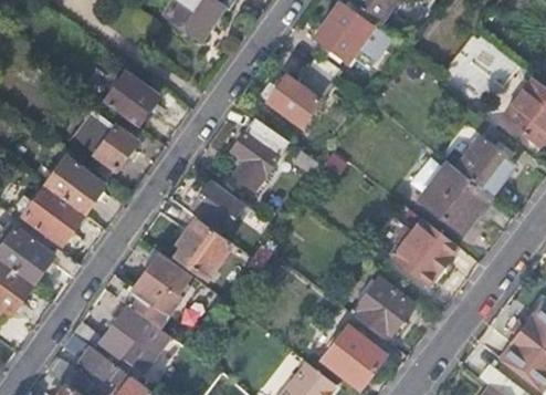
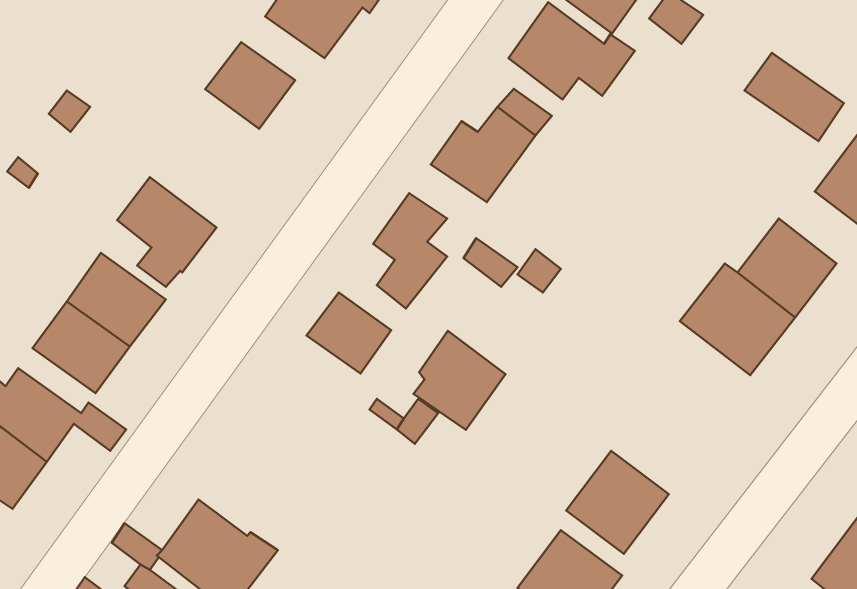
building: [104,71,159,124] -> [205,42,295,129]
building: [175,217,231,278] -> [414,331,506,430]
building: [393,220,458,284] -> none
building: [104,253,197,347] -> none

